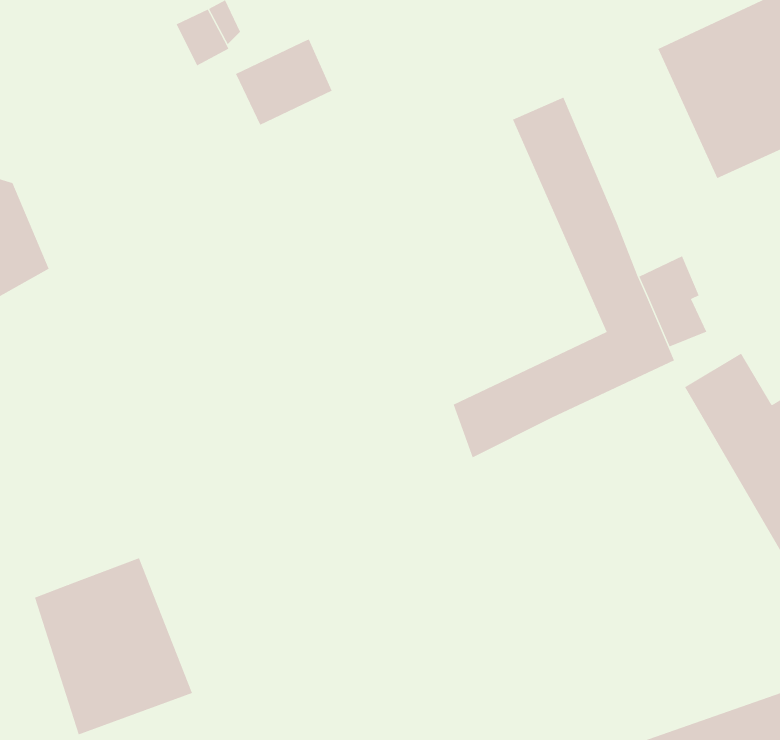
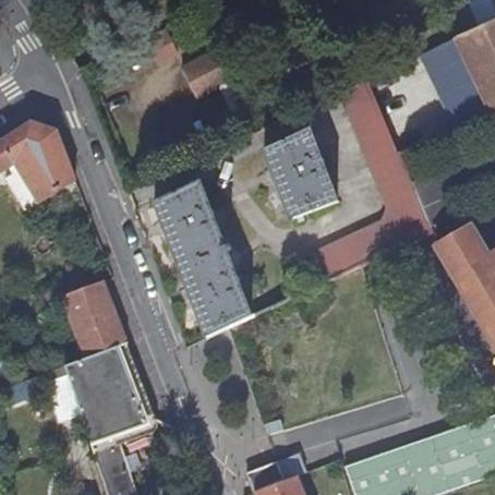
building: none -> [263,128,336,217]
building: none -> [154,180,251,335]
building: none -> [61,280,125,357]

